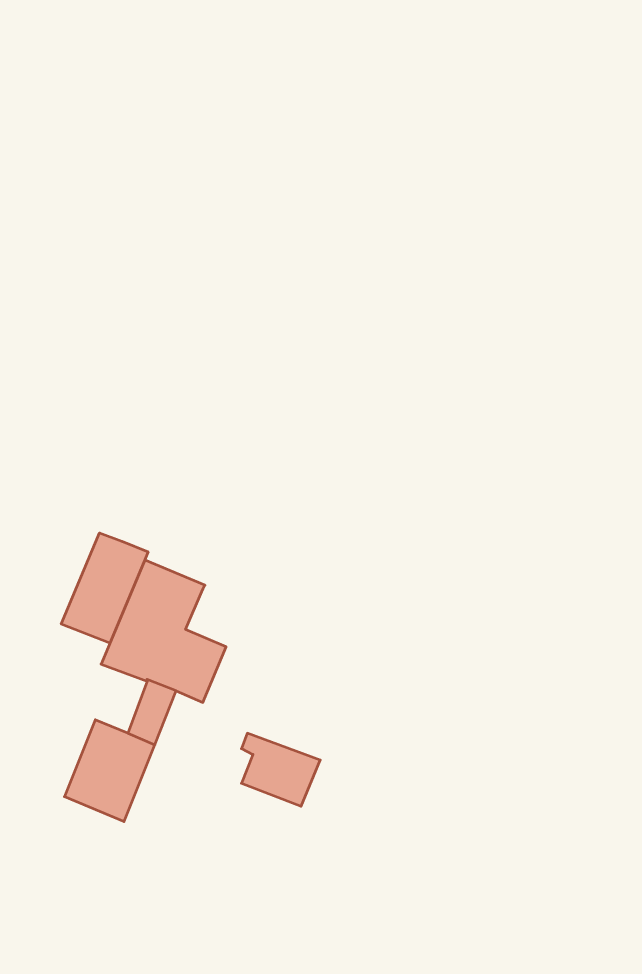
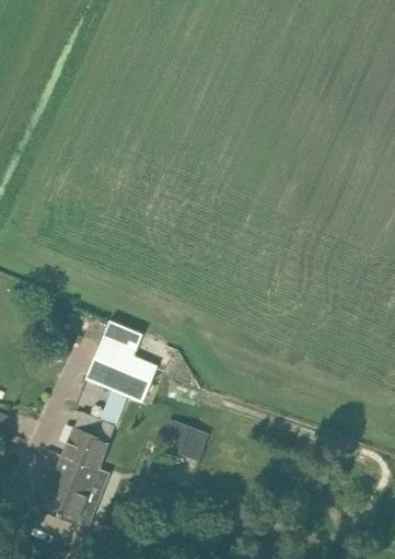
building: [61,533,148,643] -> none
building: none -> [43,454,109,523]

